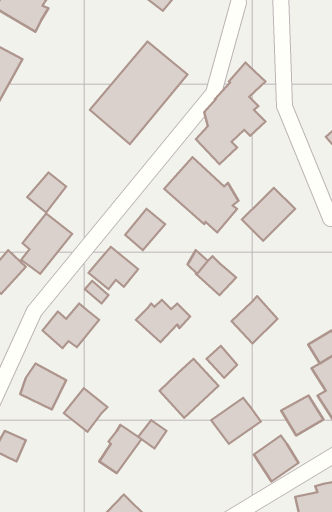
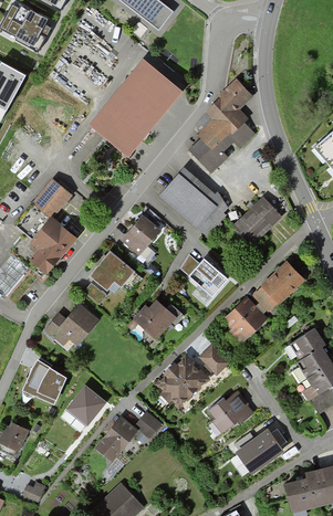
building: none -> [254,261,304,309]
building: [281,396,324,436] -> none

